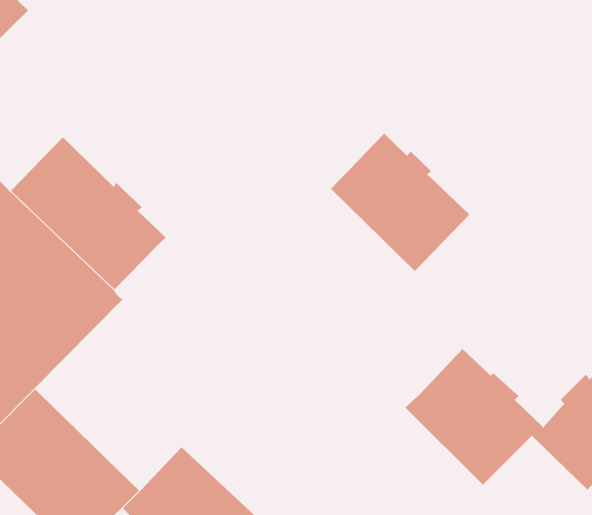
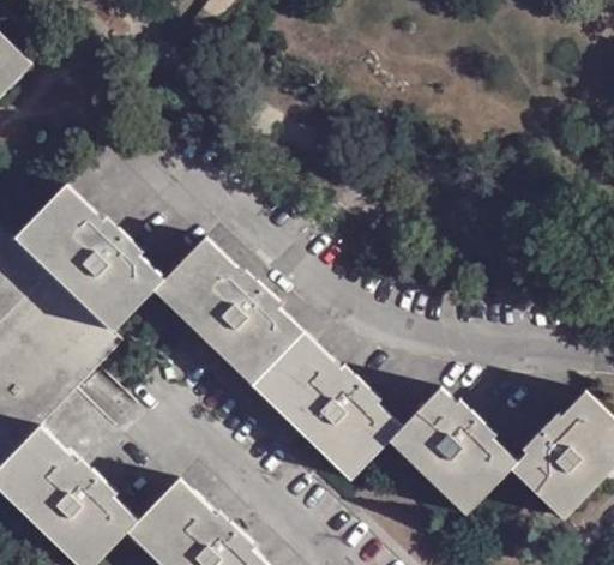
building: [330,133,470,272] -> none
building: none -> [155,236,404,482]

